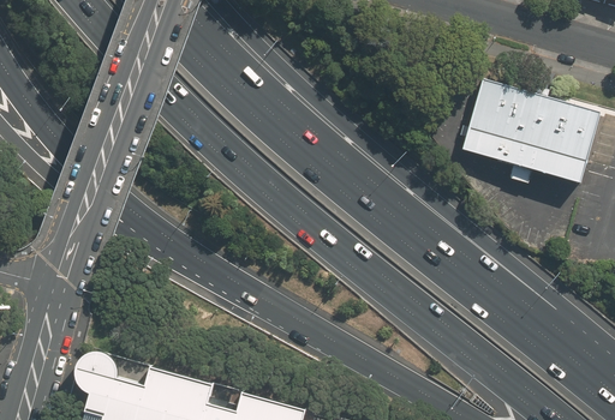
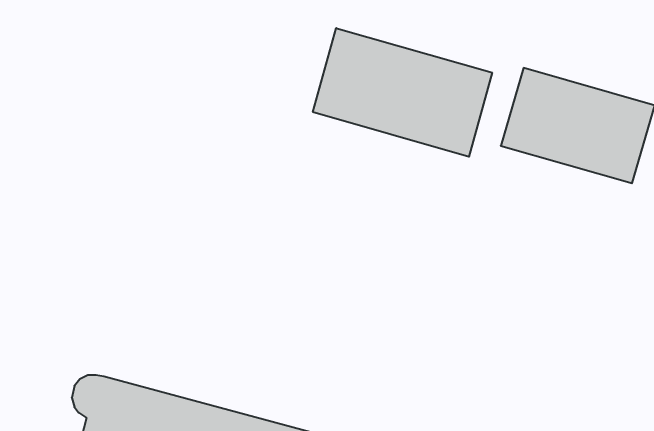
building: none -> [313,28,492,157]

